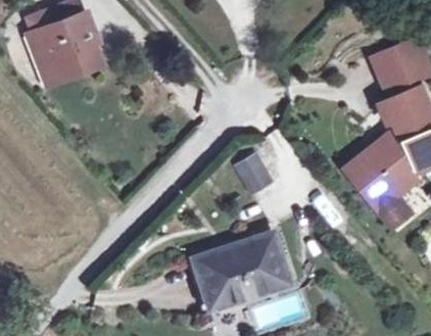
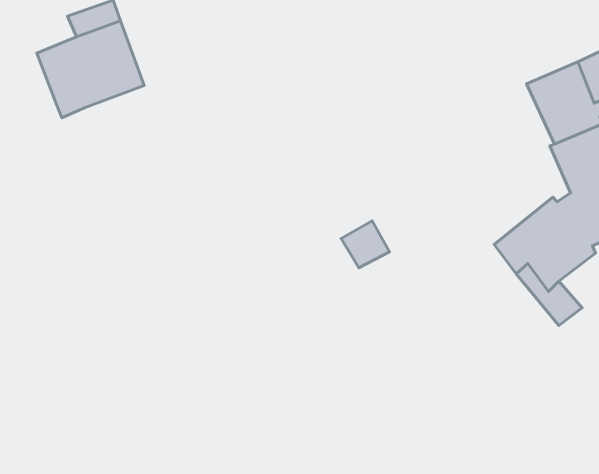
building: [193,233,289,309] -> none

